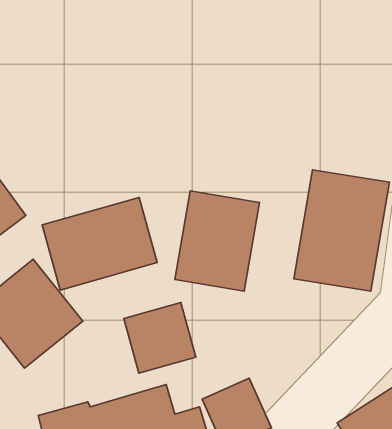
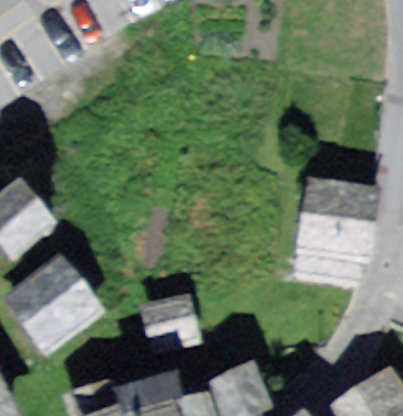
building: [175,191,260,291] -> none
building: [42,197,157,290] -> none

